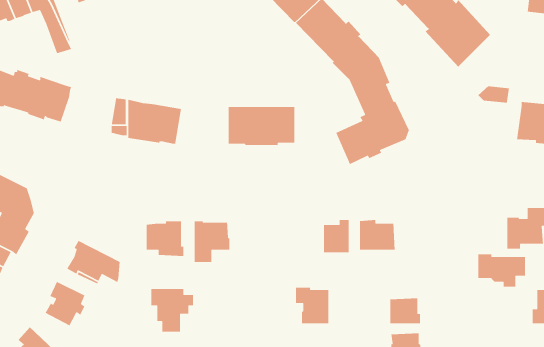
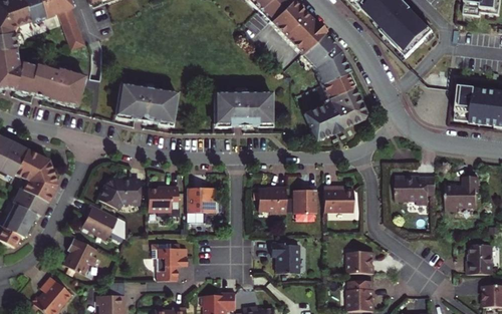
building: none -> [97,180,139,208]
building: none -> [258,186,286,213]
building: [478,254,526,287] -> [397,176,437,204]

